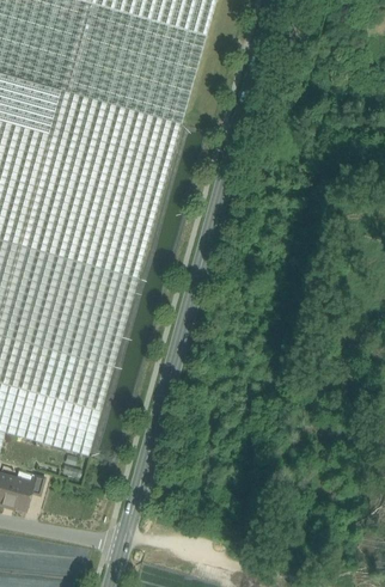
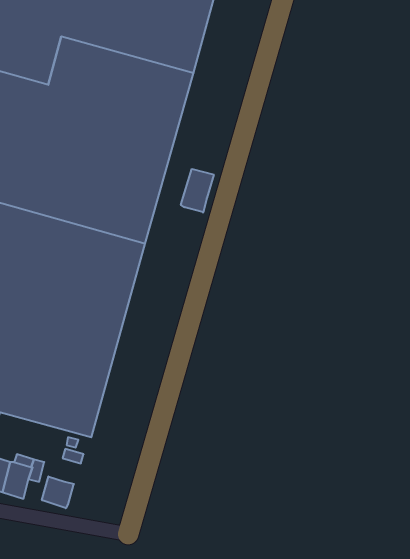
building: none -> [181,169,214,213]
building: none -> [42,476,74,508]

